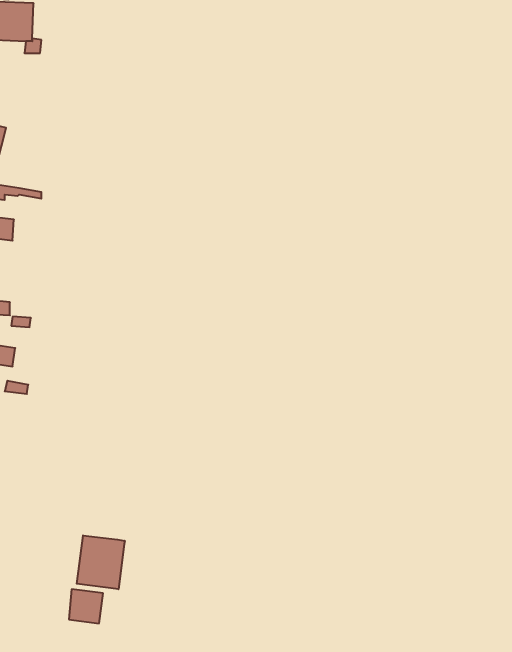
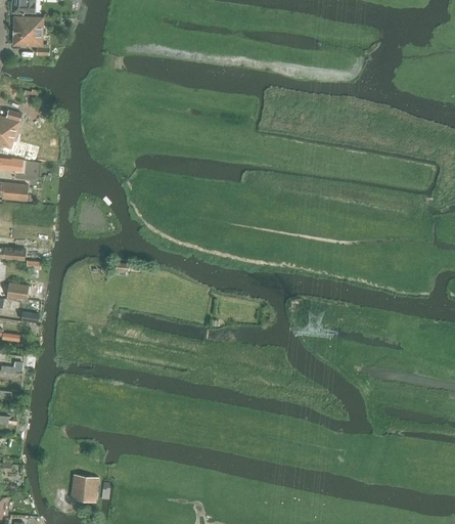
building: [77,535,125,589] -> none

